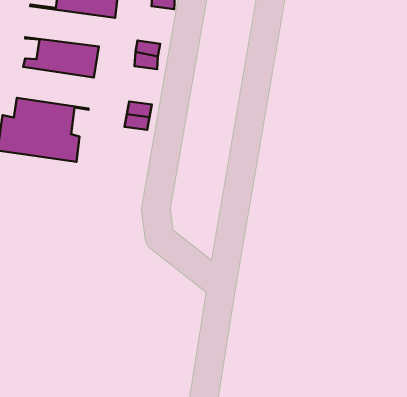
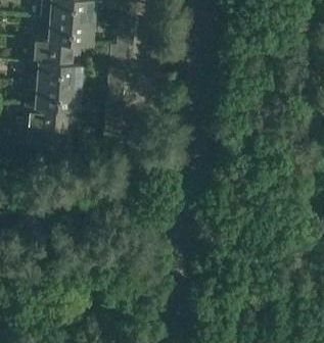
building: none -> [29,33,92,58]
building: none -> [26,77,80,103]

